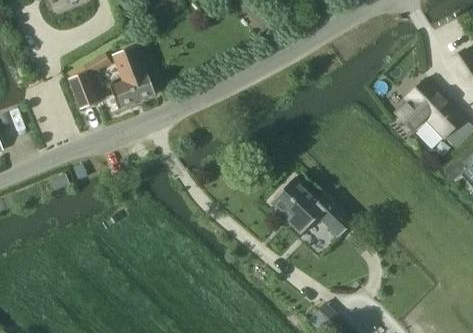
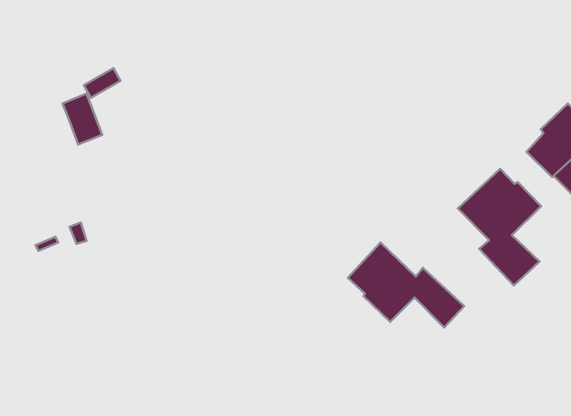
building: [110,48,156,108] -> none
building: none -> [458,169,541,286]

